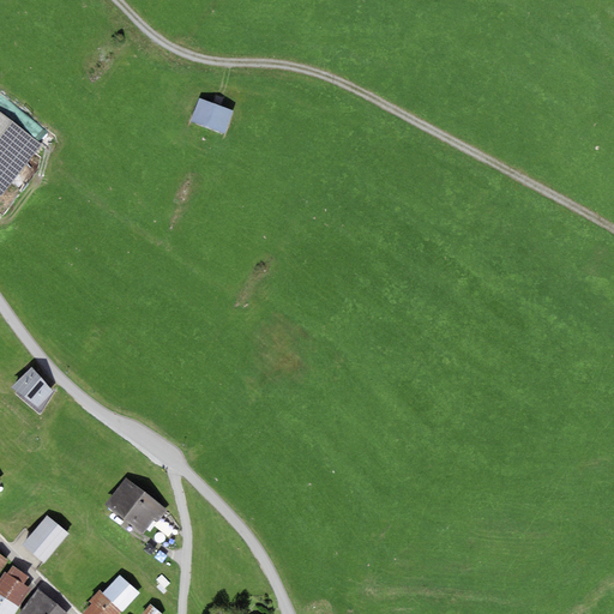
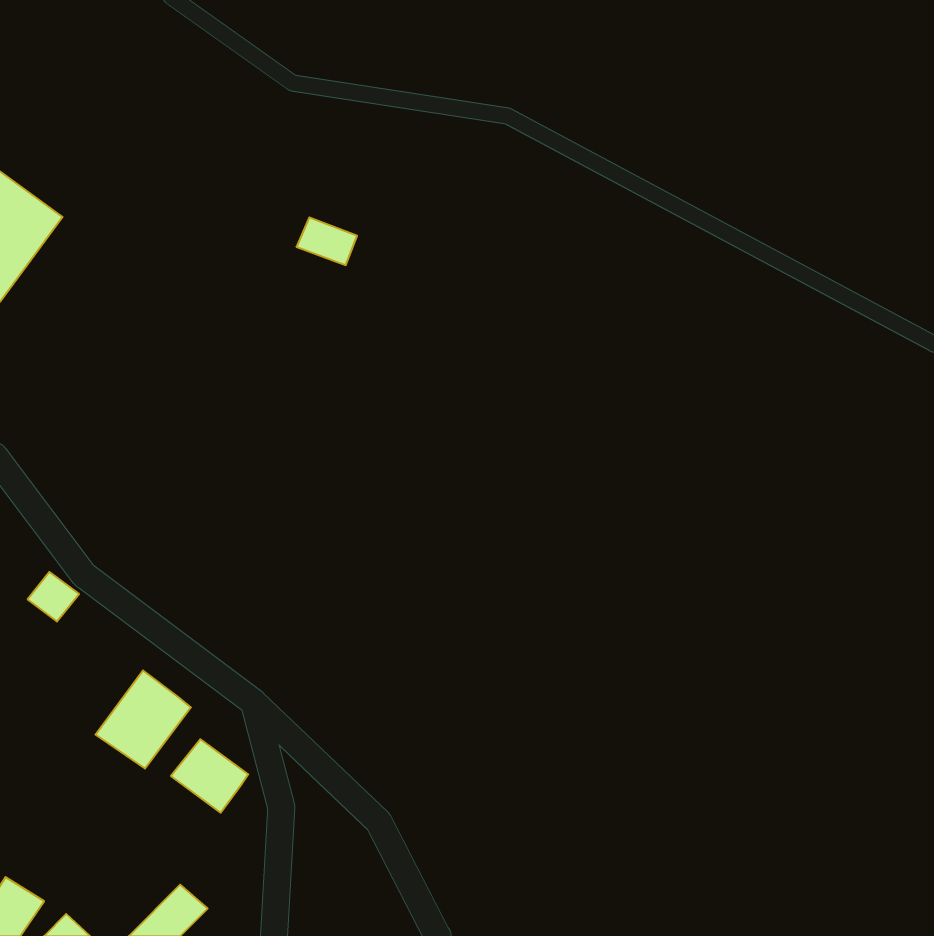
building: [192,102,231,133] -> [296,217,357,265]
building: none -> [95,670,191,769]
building: [23,517,66,561] -> none

